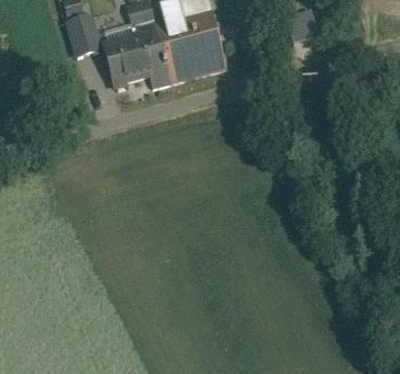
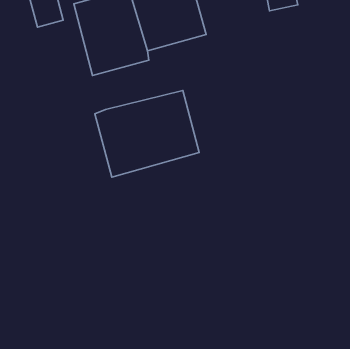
building: none -> [95,90,199,177]

